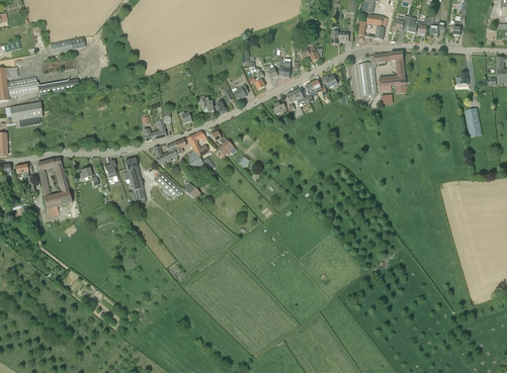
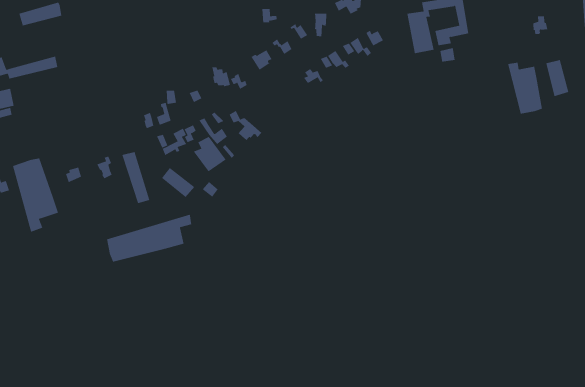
building: none -> [508,62,543,114]
building: none -> [106,214,192,262]

